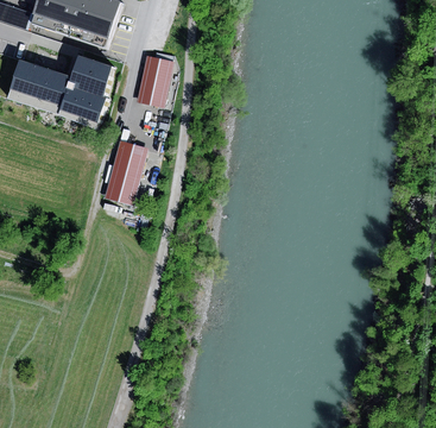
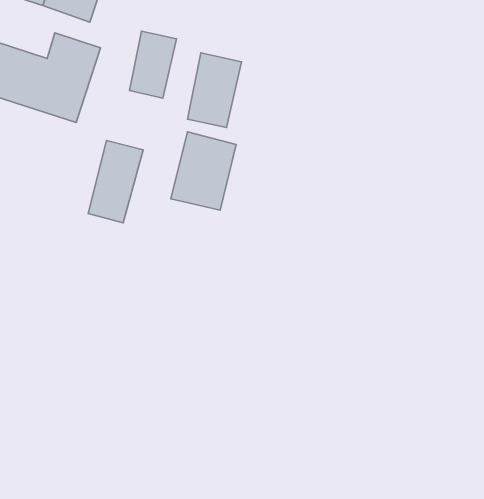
building: none -> [187,53,242,127]
building: none -> [171,132,236,210]

